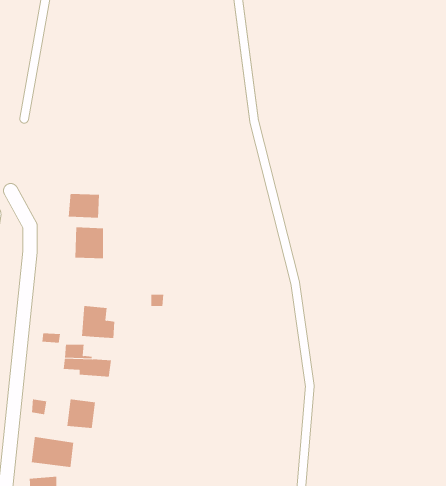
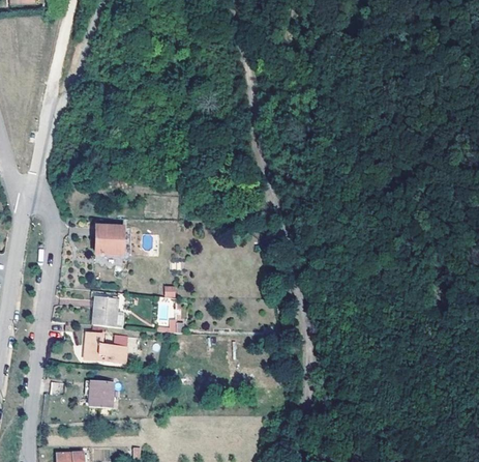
building: [68,193,99,218] -> none
building: [31,436,74,468] -> none

